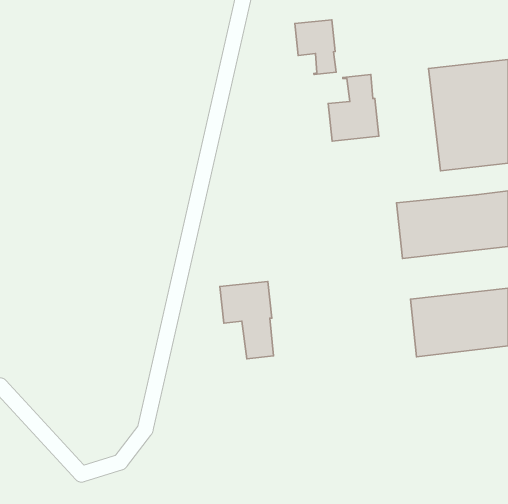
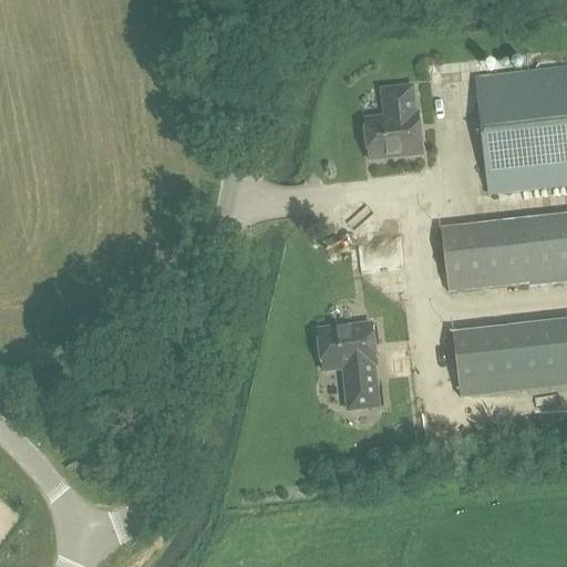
building: [295,20,336,74] -> none
building: [220,281,274,359] -> [319,321,379,408]

